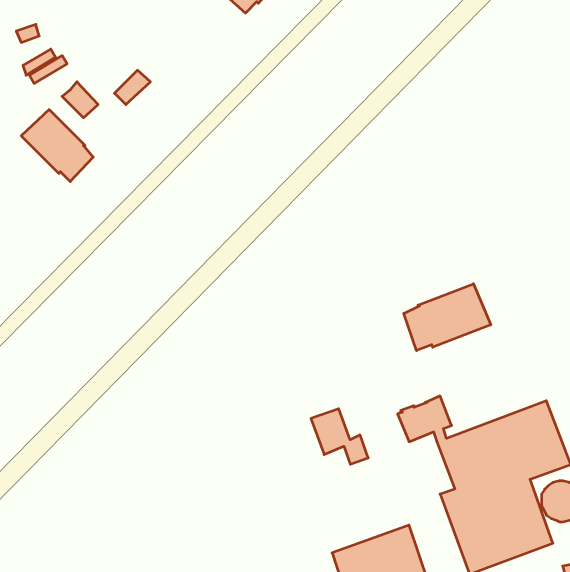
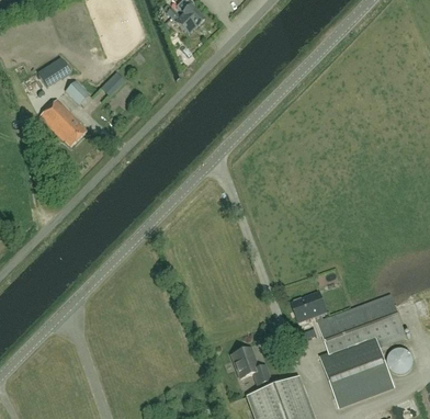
building: [404,284,491,351] -> none
building: [311,409,368,464] -> [231,348,270,385]

